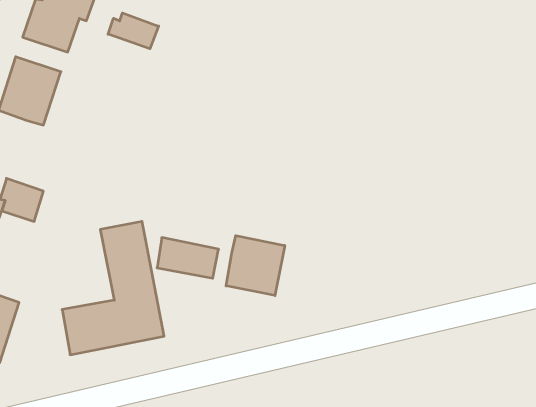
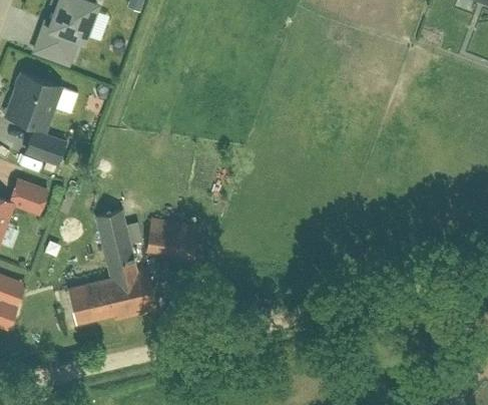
building: [108,13,159,49] -> none
building: none -> [25,126,65,162]
building: [226,236,285,296] -> none

